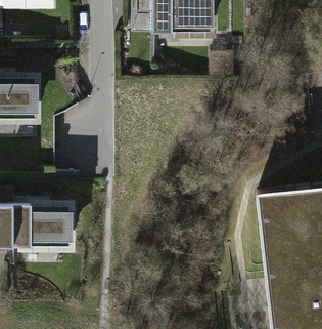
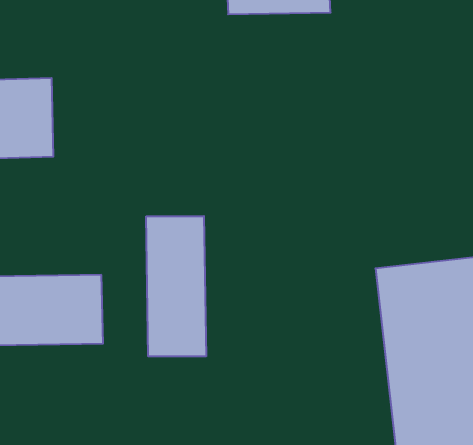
building: none -> [146,216,206,356]

